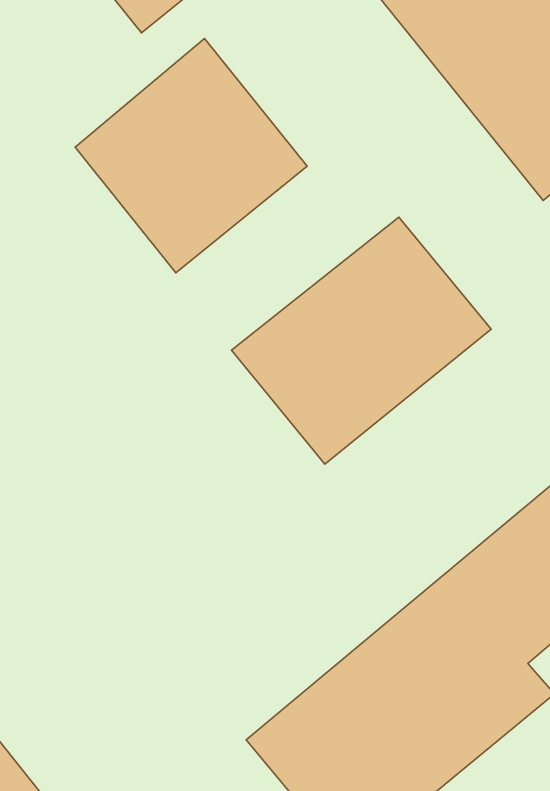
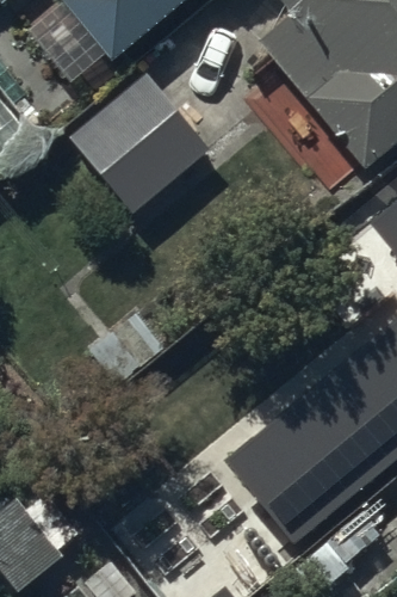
building: [232,217,491,464] -> none

